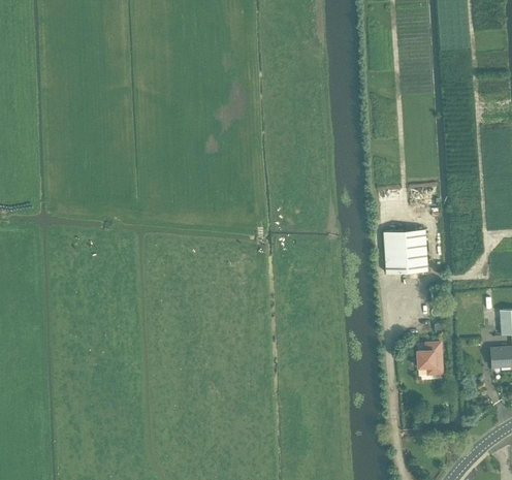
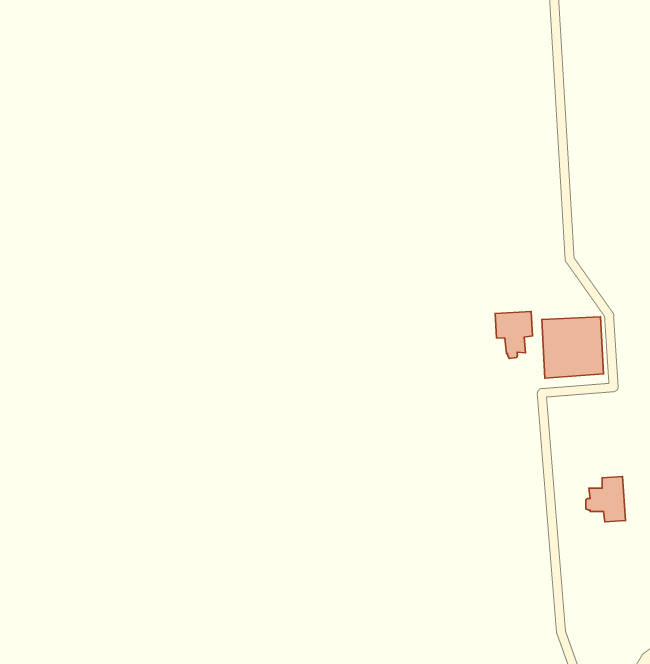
building: none -> [495,312,532,359]

